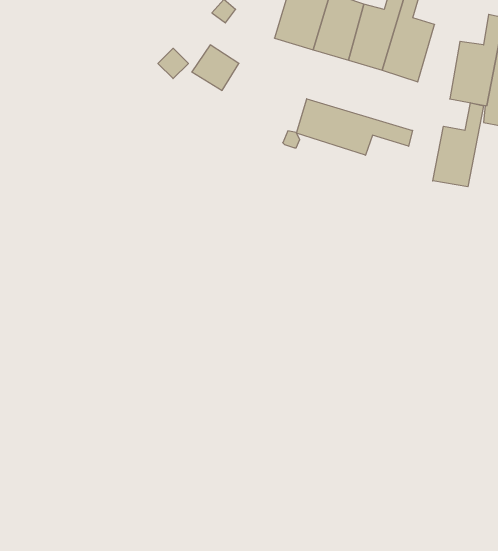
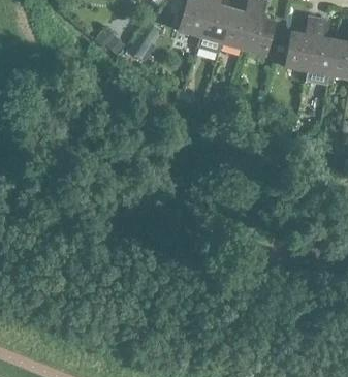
building: [296,99,413,155] -> none
building: [433,103,483,187] -> none

